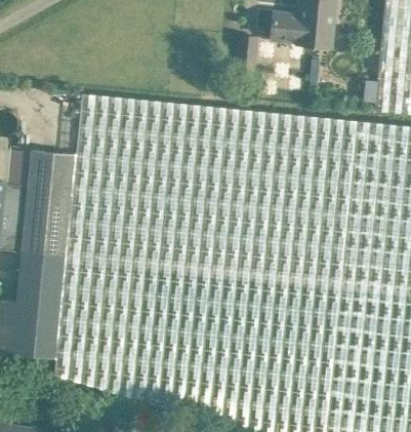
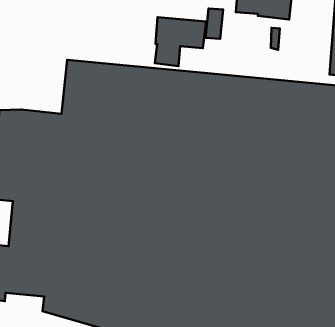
building: none -> [155,17,206,66]

